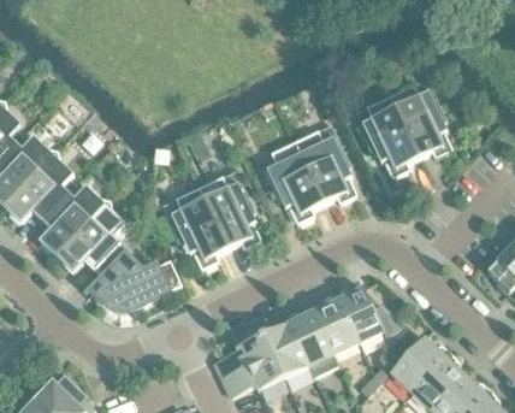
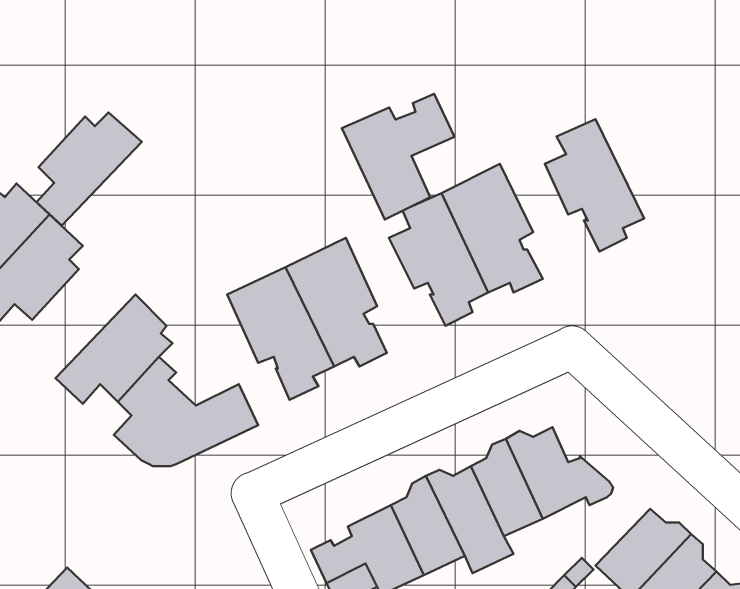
building: none -> [342,94,454,219]
building: [389,84,451,158] -> none
building: [40,187,105,256] -> [36,113,142,226]

